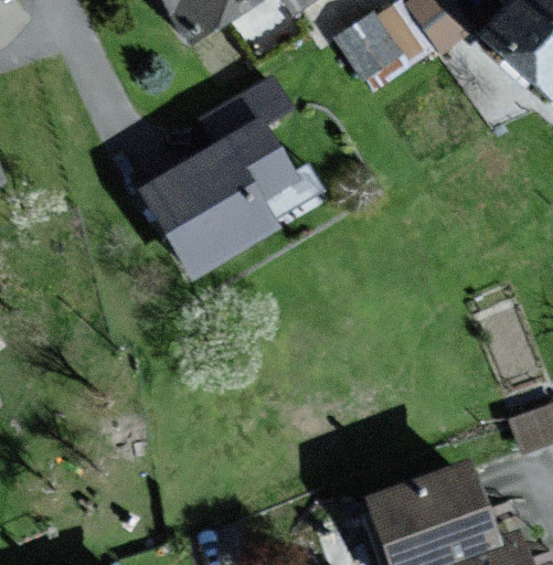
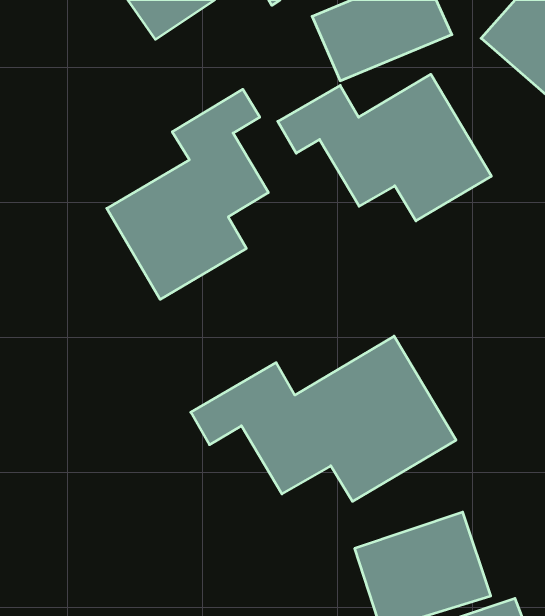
building: none -> [278,74,491,221]
building: none -> [191,336,456,501]

